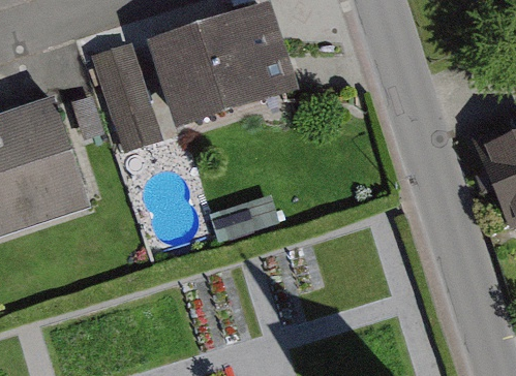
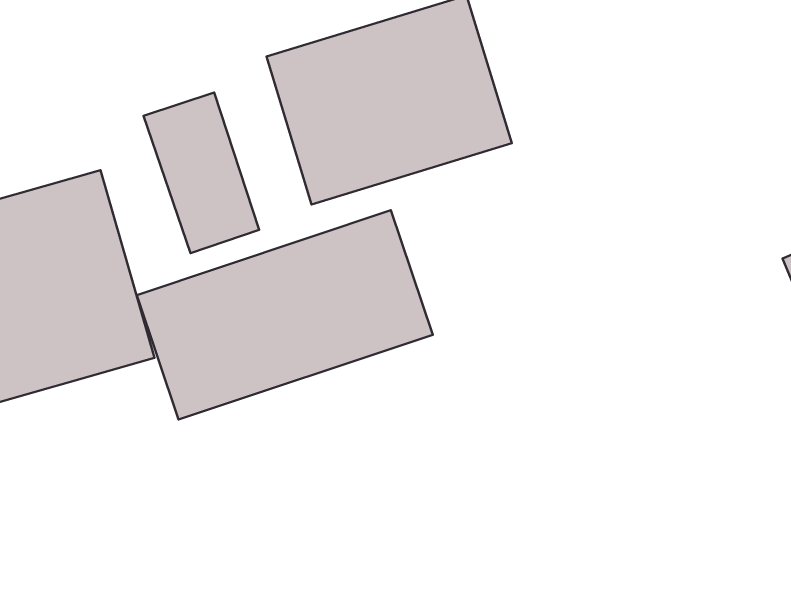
building: none -> [137,210,433,420]

